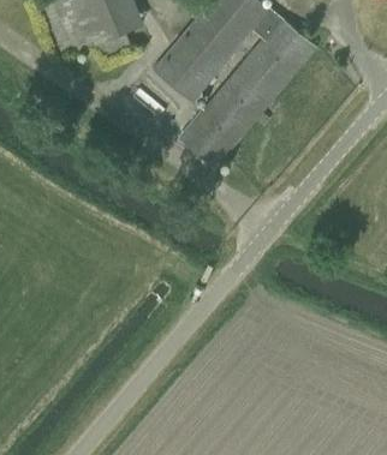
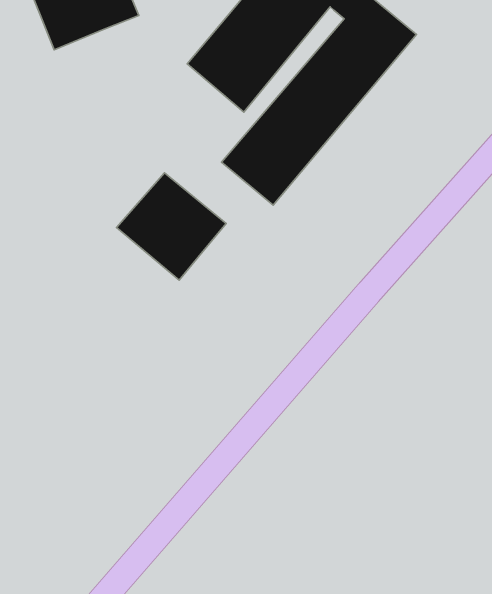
building: none -> [116,173,226,280]

